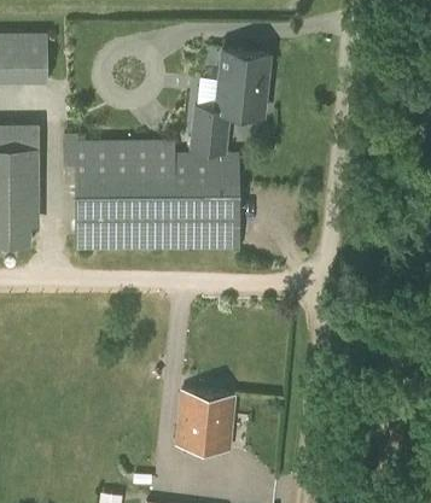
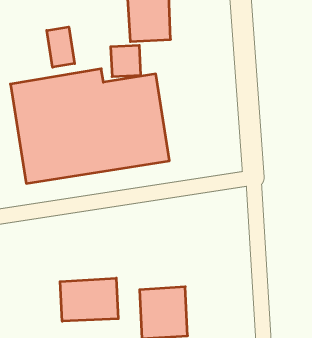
building: none -> [47,27,75,67]
building: none -> [60,278,118,321]

